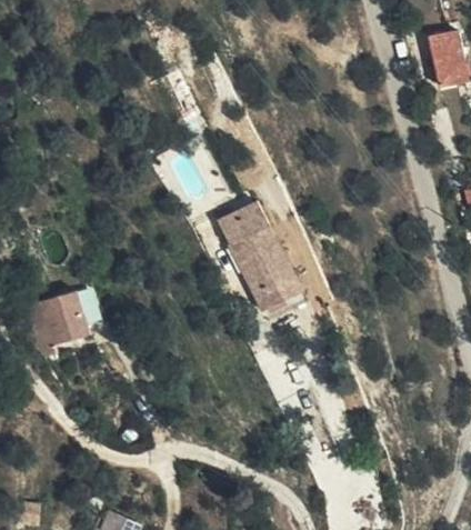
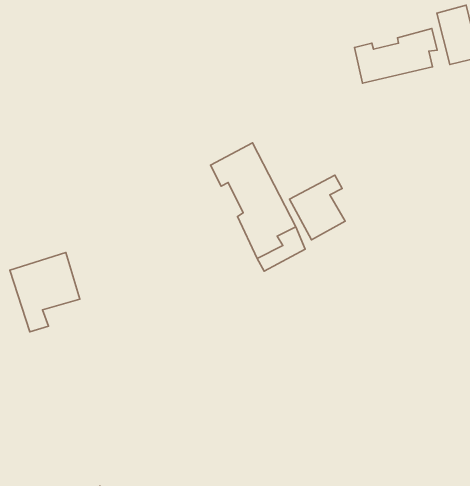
building: none -> [354,29,437,83]
building: none -> [290,175,345,240]

